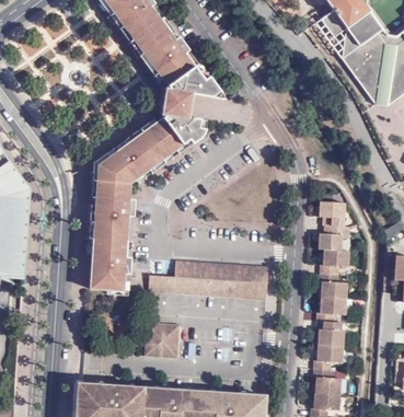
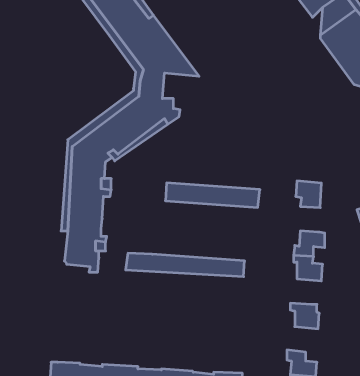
building: [320,228,350,253] -> none
building: [180,257,273,281] -> [165,183,260,207]
building: [315,299,353,324] -> none
building: [149,321,183,356] -> none
building: [312,346,343,371] -> none

